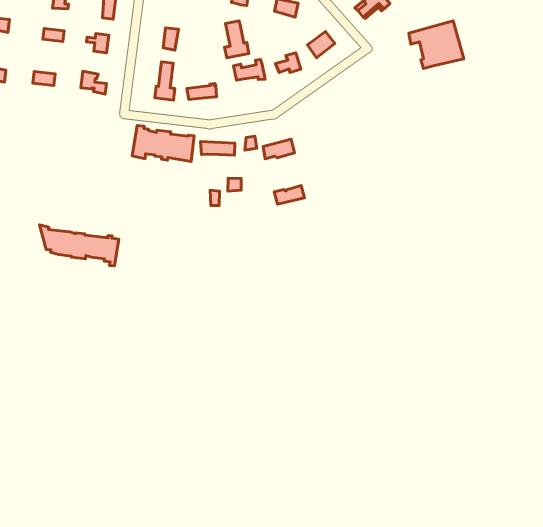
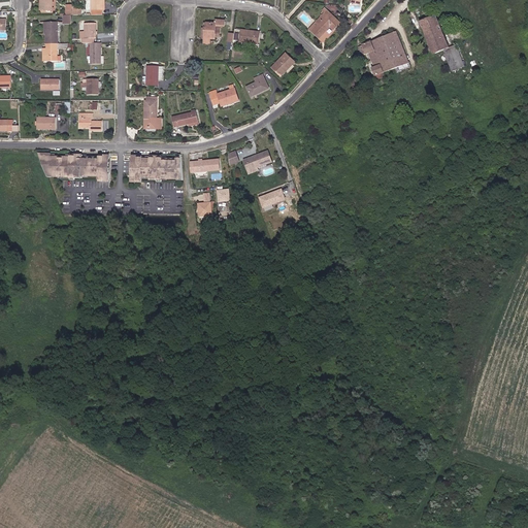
building: none -> [419,13,463,70]
building: [224,21,249,58] -> none
building: [40,225,119,266] -> [38,153,108,180]

